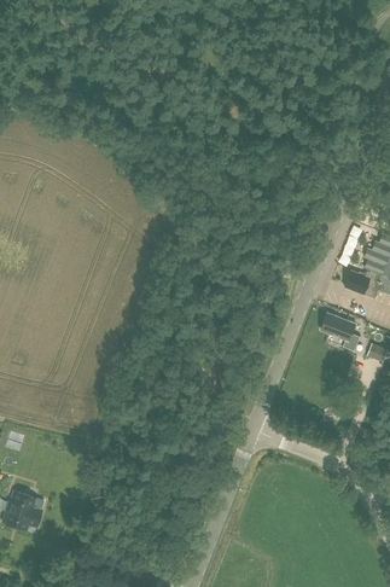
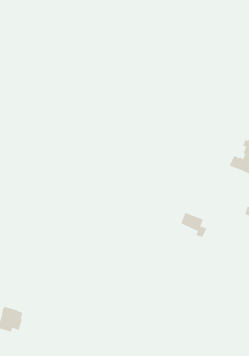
building: [321,312,360,349] -> [181,212,207,238]

